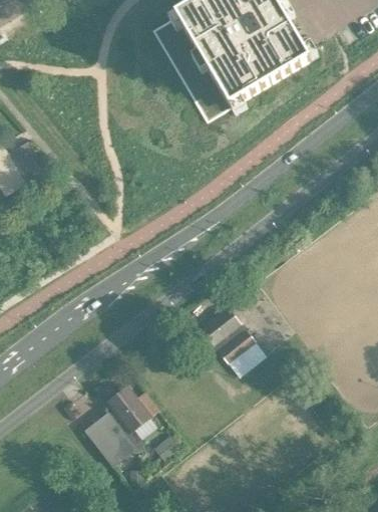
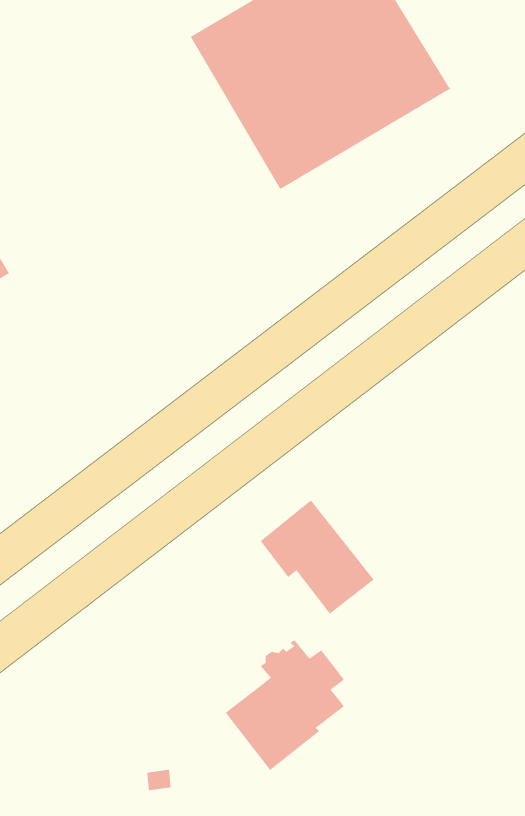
building: [84,383,156,463] -> [225,639,345,771]

